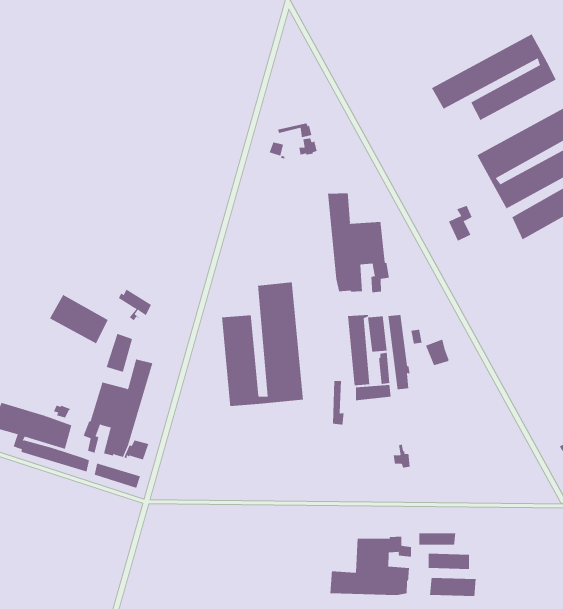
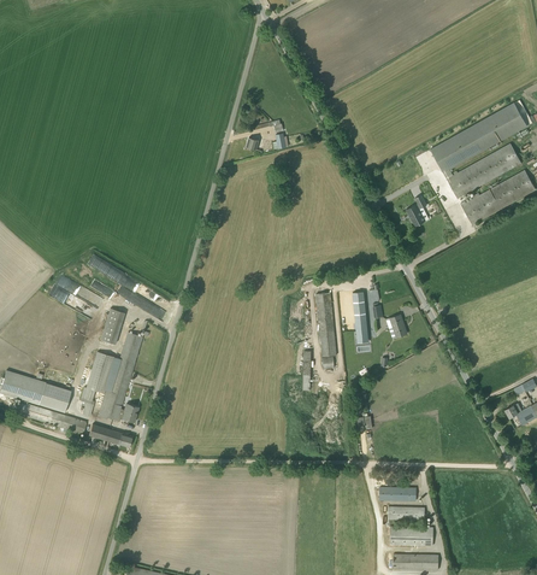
building: [431,33,556,121] -> none
building: [327,192,389,293] -> none
building: [221,282,303,407] -> none
building: [330,536,412,596] -> none

